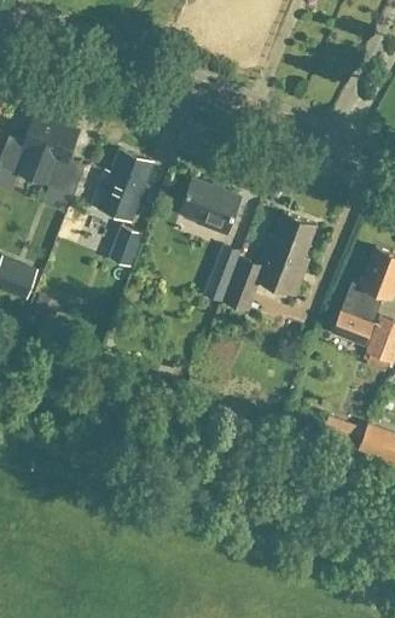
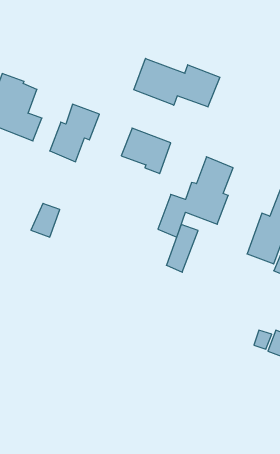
building: none -> [134,58,220,107]
building: [108,227,143,268] -> [31,203,60,237]
building: [204,246,243,304] -> [166,225,198,272]

